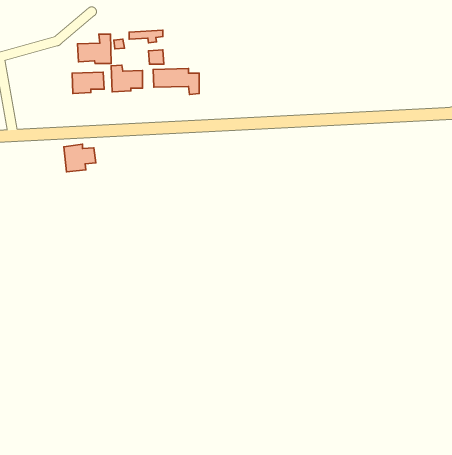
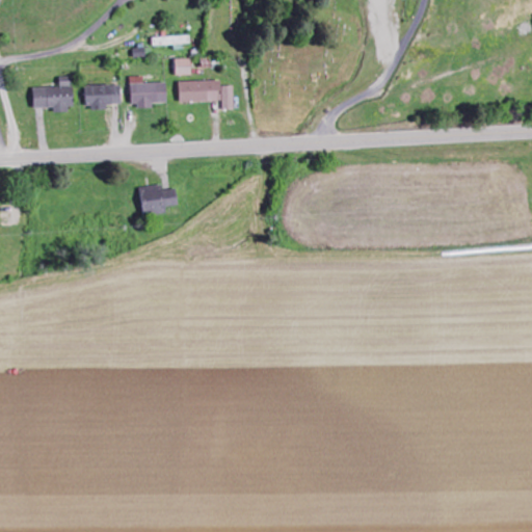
building: [78,34,111,64] -> [33,76,73,110]
building: [64,144,96,172] -> [139,184,177,216]

